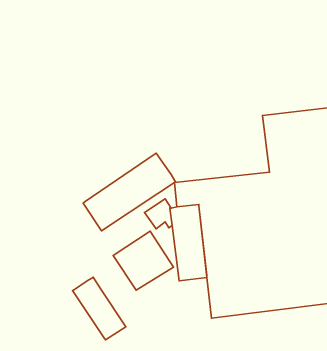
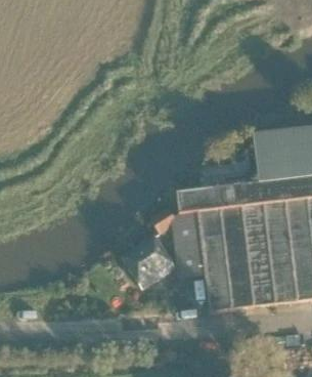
building: [83,153,176,231] -> none
building: [72,277,126,340] -> none

